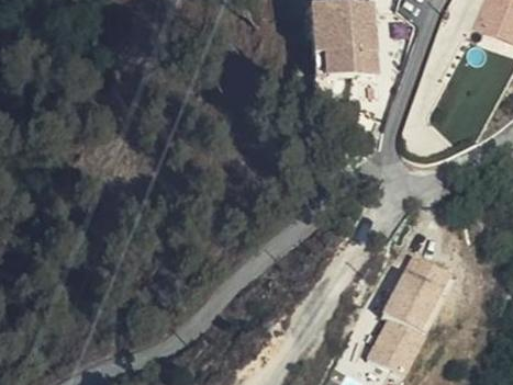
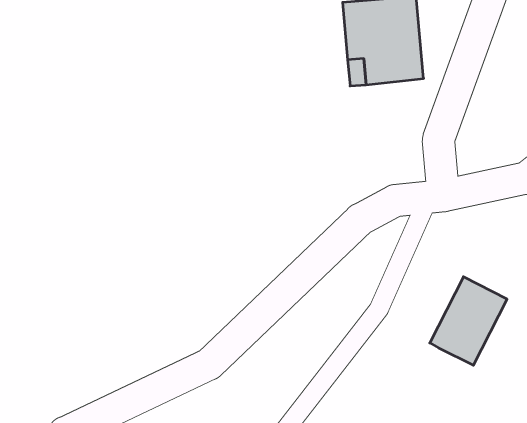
building: [371,310,426,367] -> none

